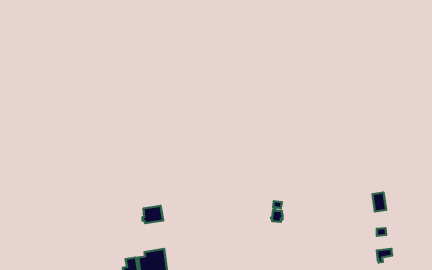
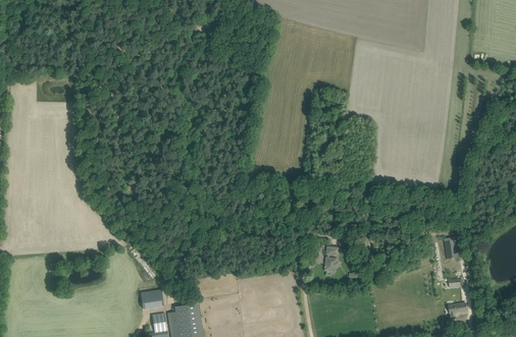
building: [142,206,163,223] -> [140,289,164,310]

